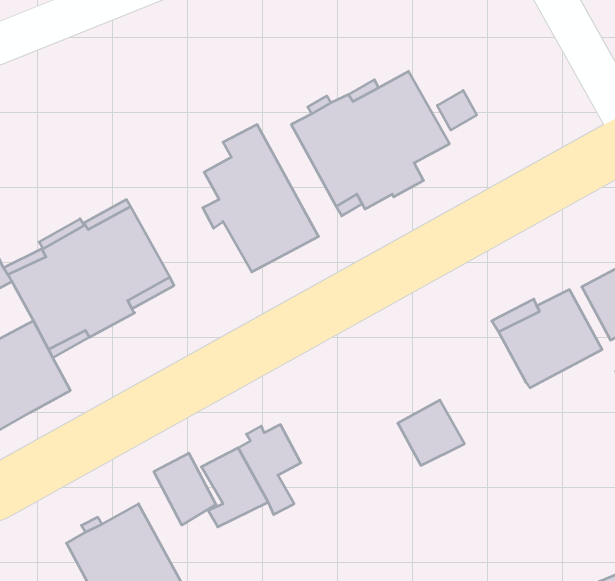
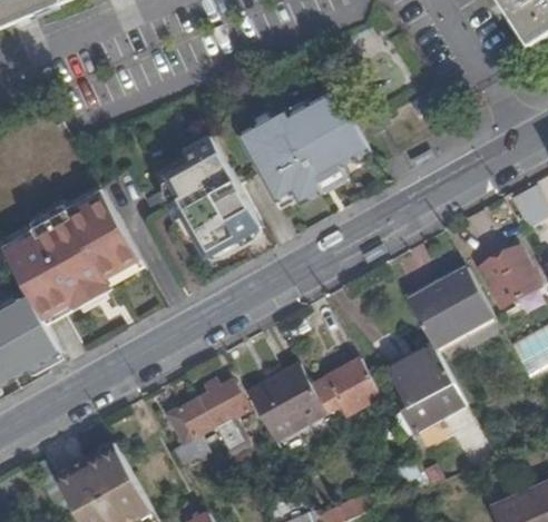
building: none -> [385,344,463,431]
building: none -> [243,361,323,436]
building: [154,453,216,525] -> none

